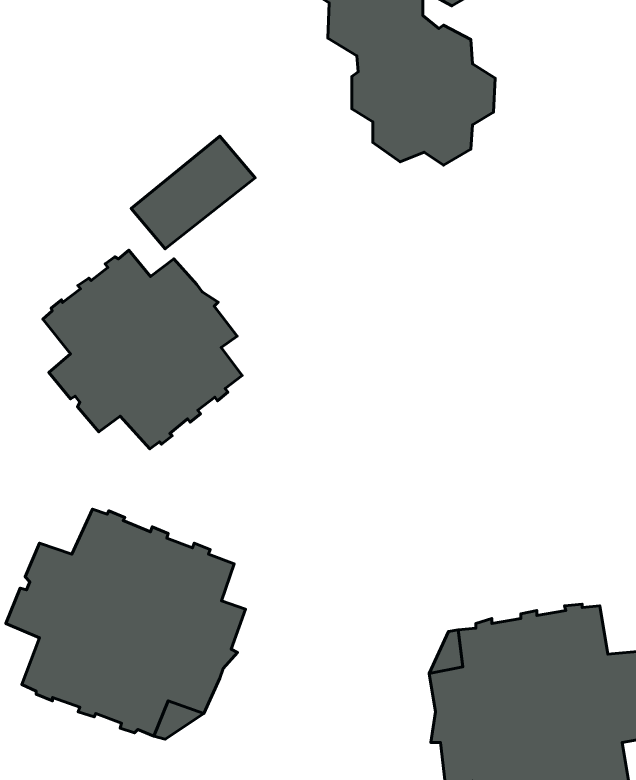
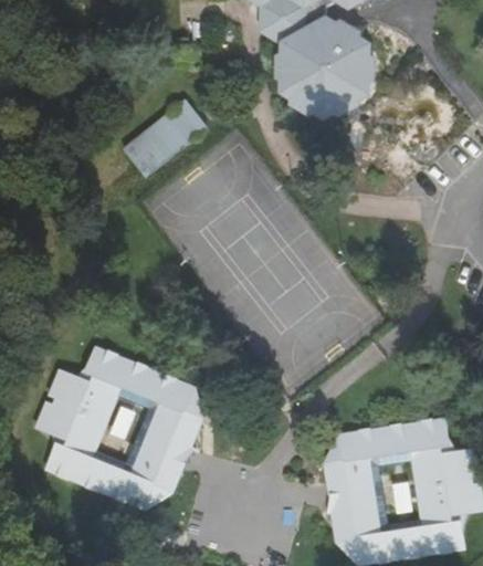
building: [43,250,242,449] -> none

